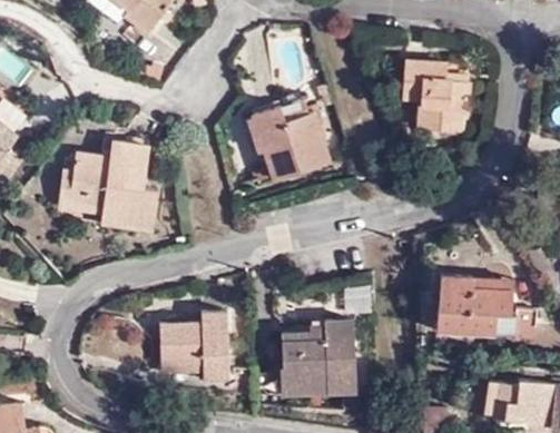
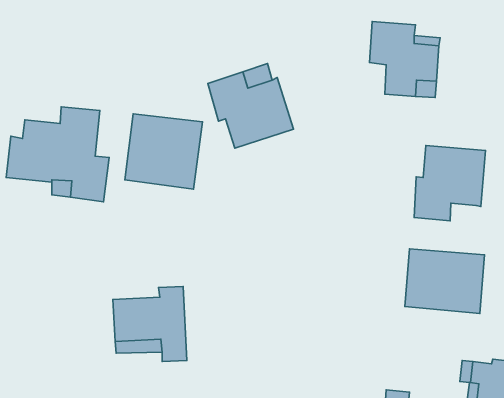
building: none -> [125,114,202,189]
building: none -> [414,146,485,221]
building: [281,319,356,395] -> none

